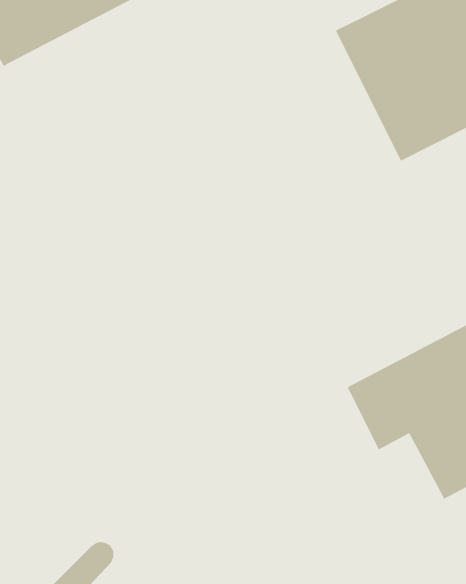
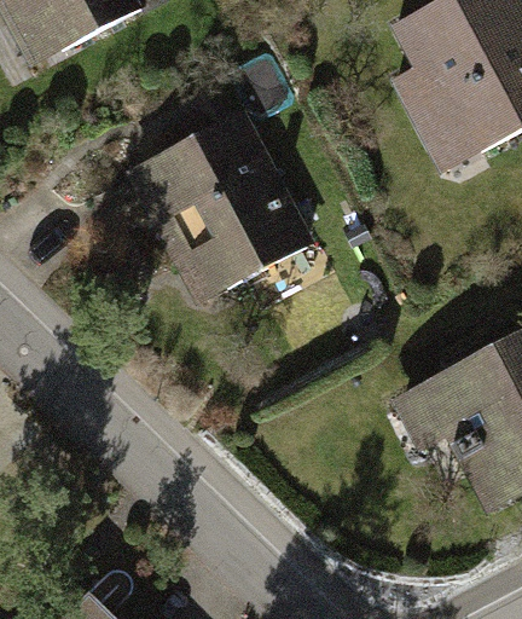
building: none -> [122,111,315,302]

